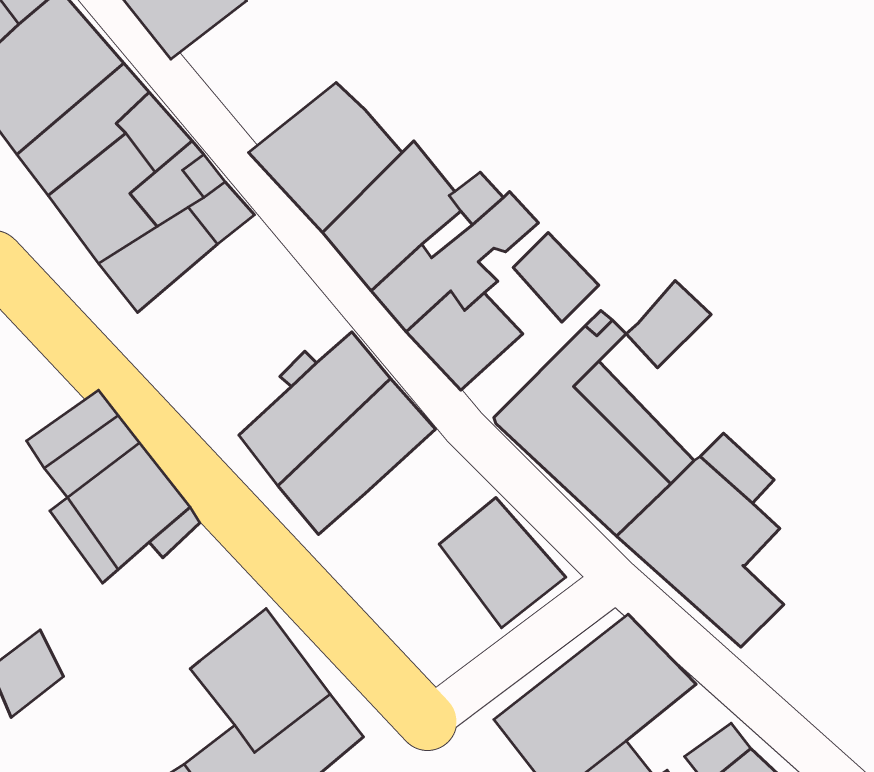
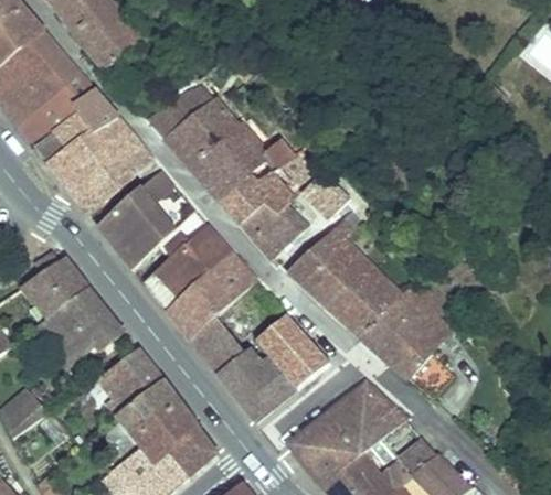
building: none -> [98,181,184,266]
building: [626,280,711,368] -> none
building: none -> [189,313,293,419]
building: none -> [98,346,159,408]

